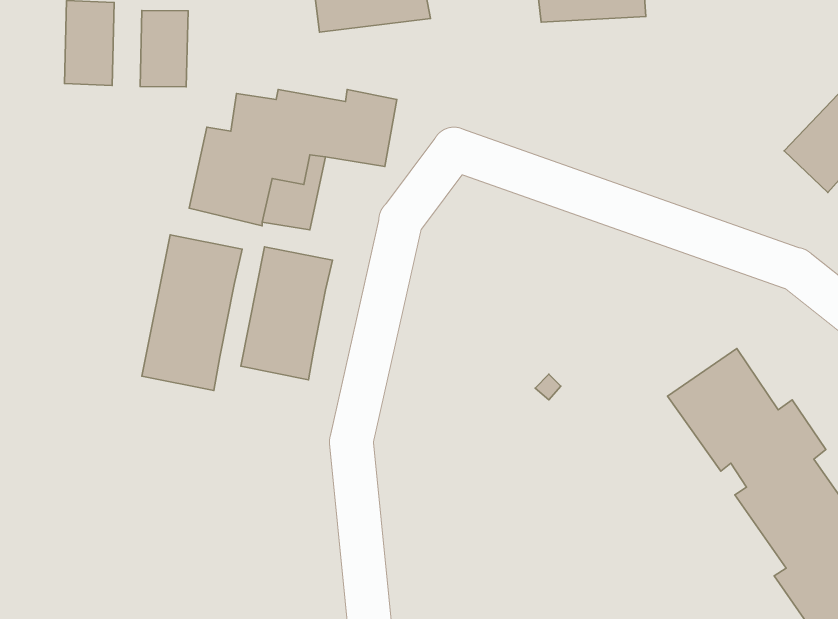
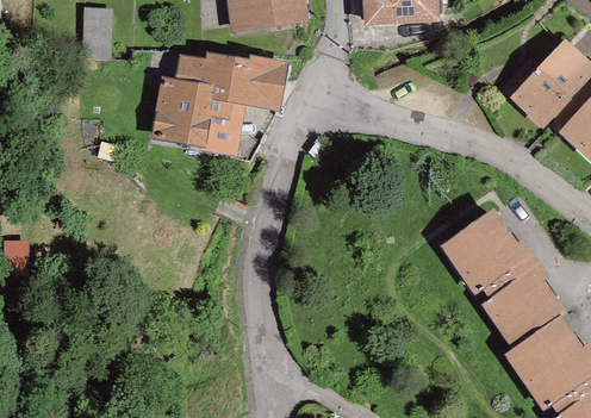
building: [140,11,188,87] -> none
building: [142,235,242,390] -> none
building: [241,247,332,380] -> none

